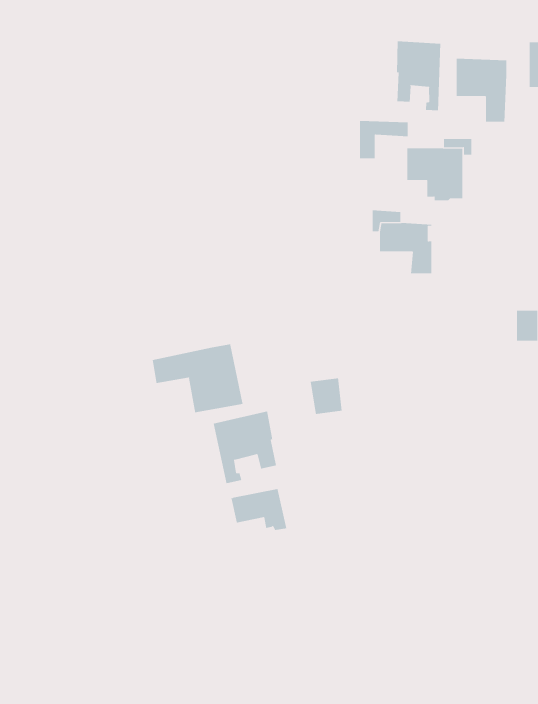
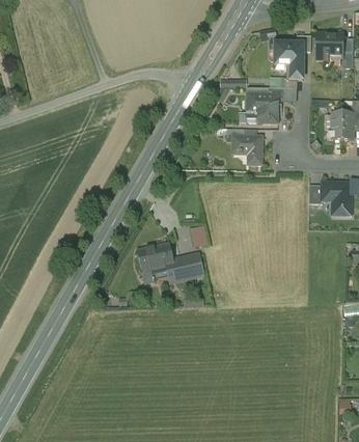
building: [397,40,441,111] -> none
building: [152,343,243,413] -> none
building: [231,488,287,530] -> [170,253,202,277]

